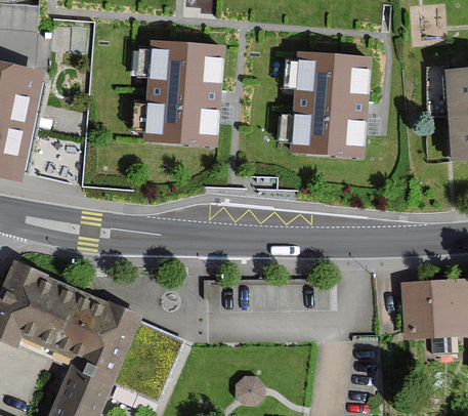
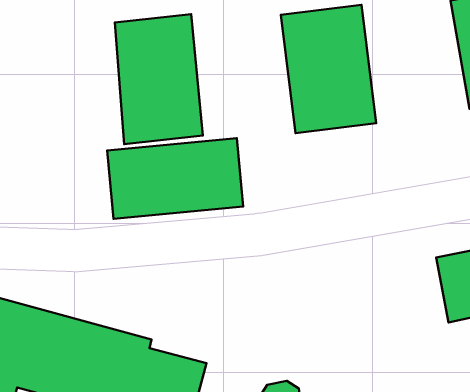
building: none -> [107,138,243,219]

